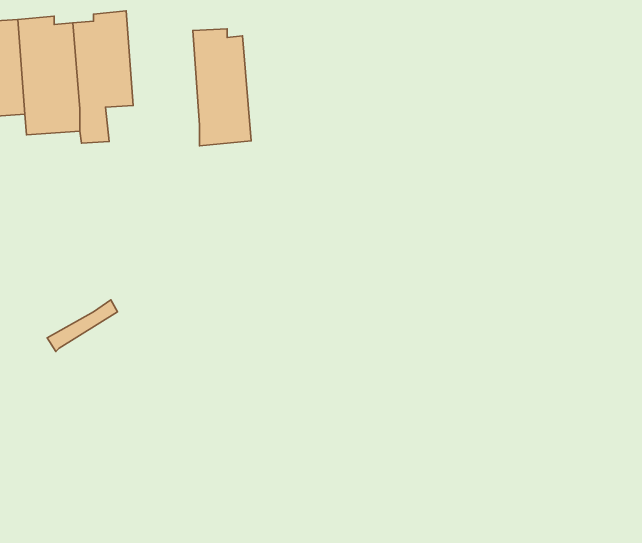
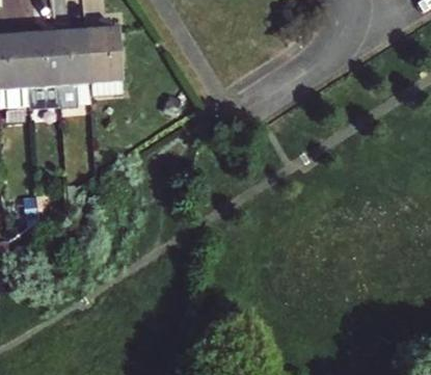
building: [193,29,251,146] -> [86,24,122,95]

